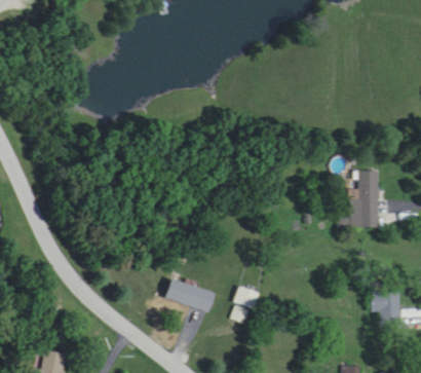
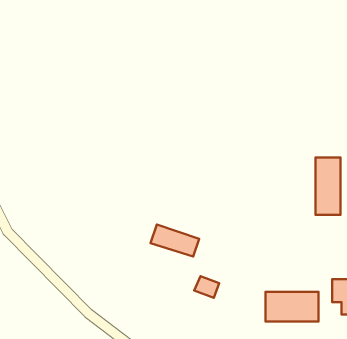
building: [166,278,215,310] -> [151,224,199,257]
building: none -> [266,292,318,321]

